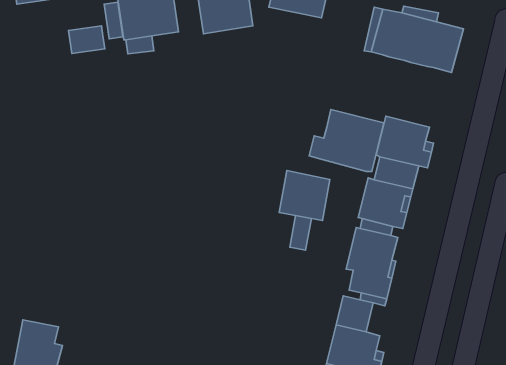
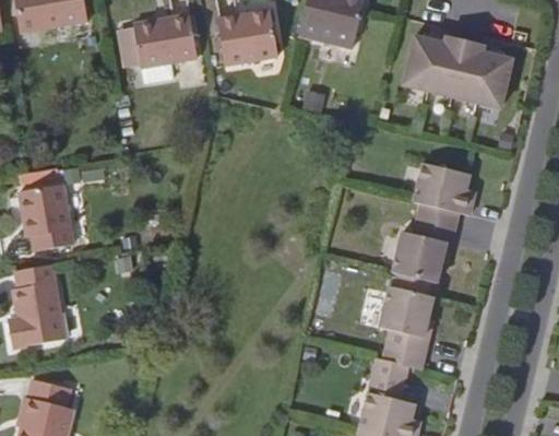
building: [69,26,105,54] -> none
building: [309,110,384,172] -> none
building: none -> [21,184,72,248]
building: [279,170,330,221] -> none
building: none -> [7,262,63,347]

